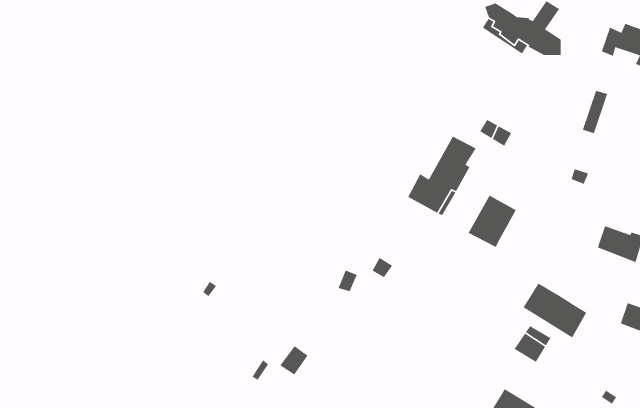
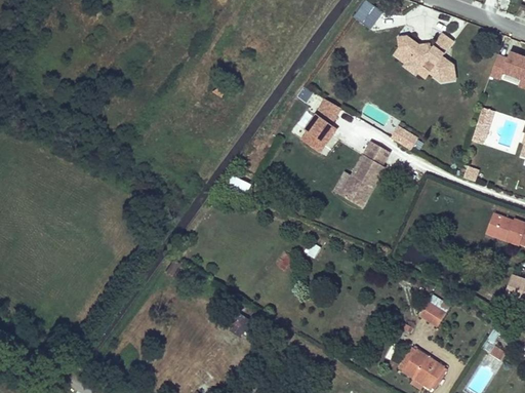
building: none -> [300,99,342,153]
building: [468,194,517,248] -> none
building: [523,282,587,338] -> none

